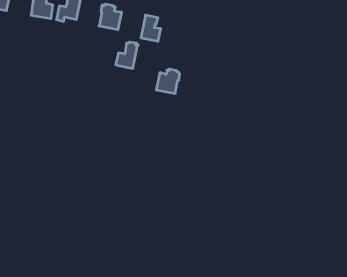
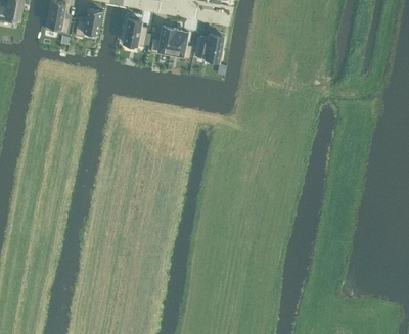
building: [116,42,138,68] -> [149,25,175,54]
building: [156,69,180,93] -> [196,32,223,59]

